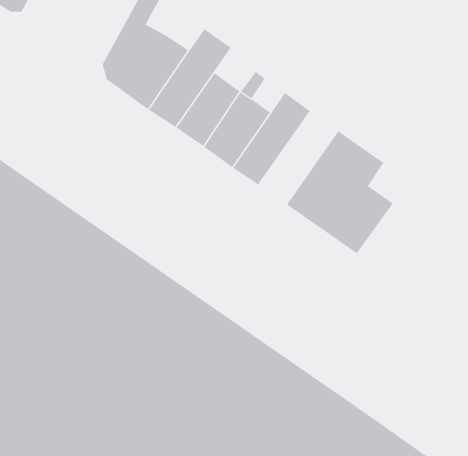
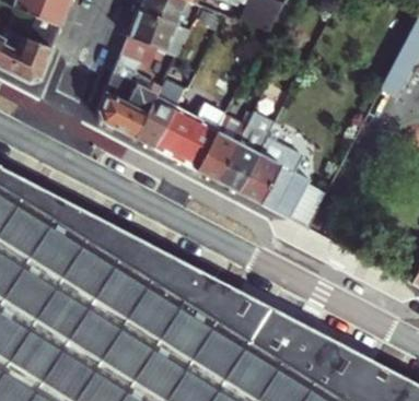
building: none -> [218,125,268,191]

